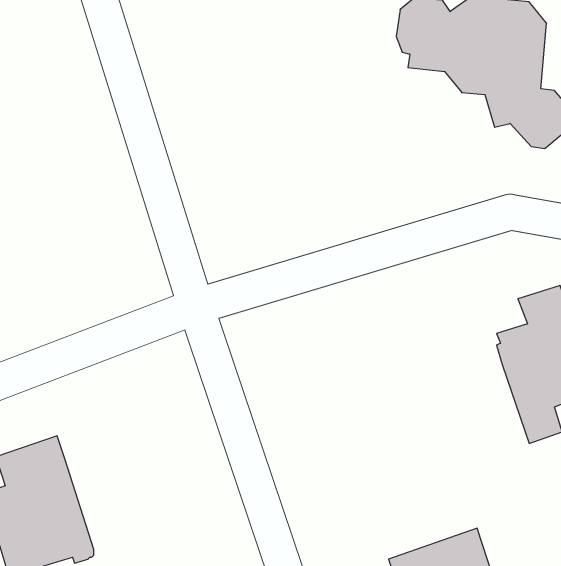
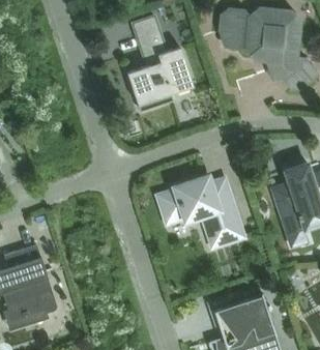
building: none -> [127,27,194,112]
building: none -> [158,176,243,246]

